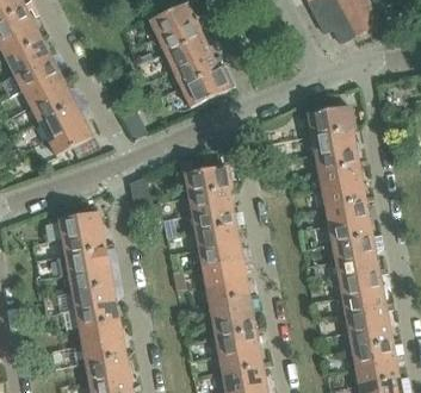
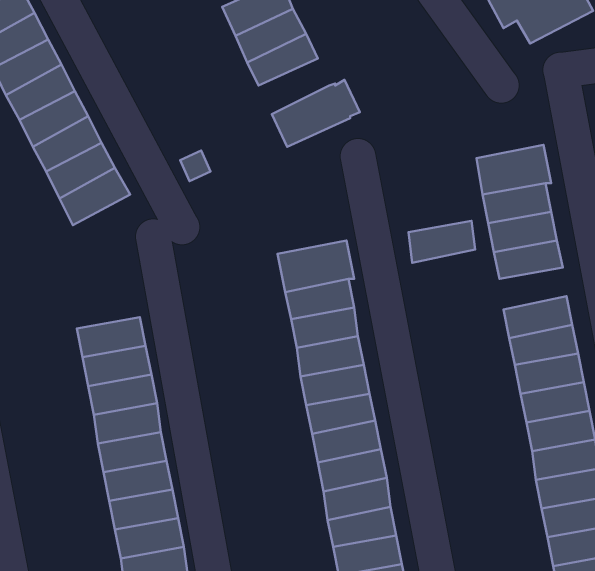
building: [172,51,216,86] -> none
building: [322,181,364,207] -> [408,221,475,263]

